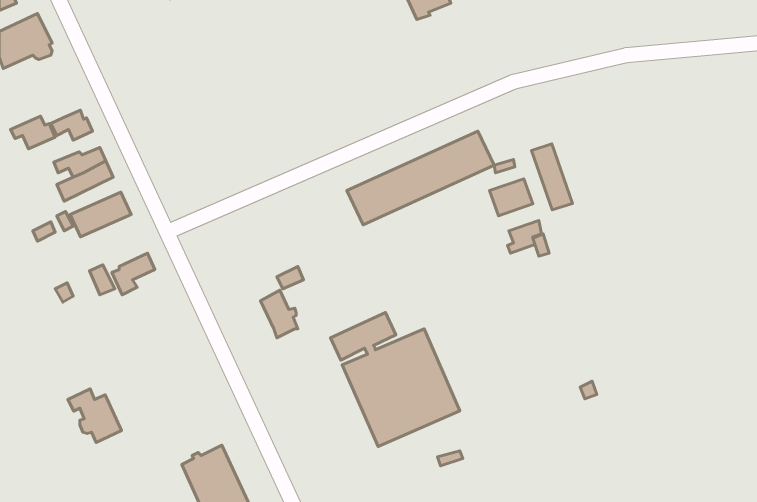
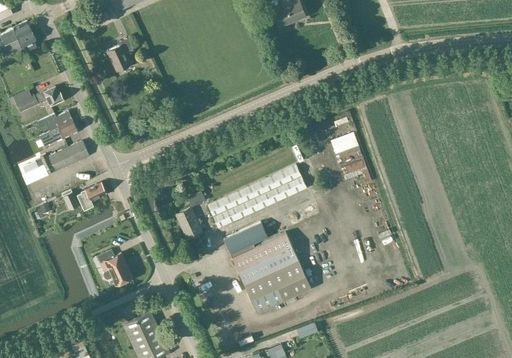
building: none -> [106,38,133,71]
building: [347,131,494,225] -> [207,165,306,228]
building: [532,144,572,210] -> none
building: [68,389,121,443] -> [96,249,132,285]

